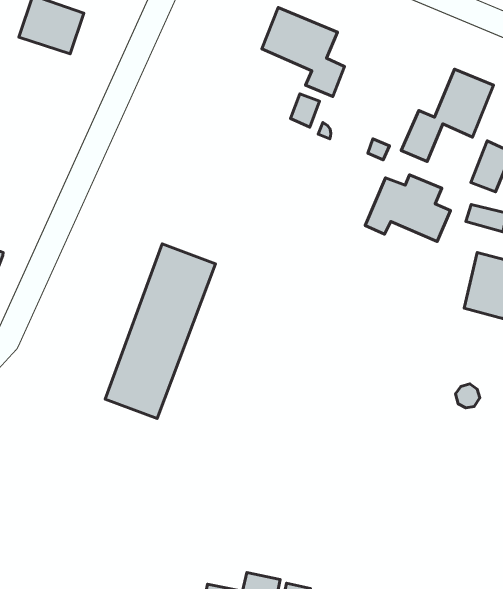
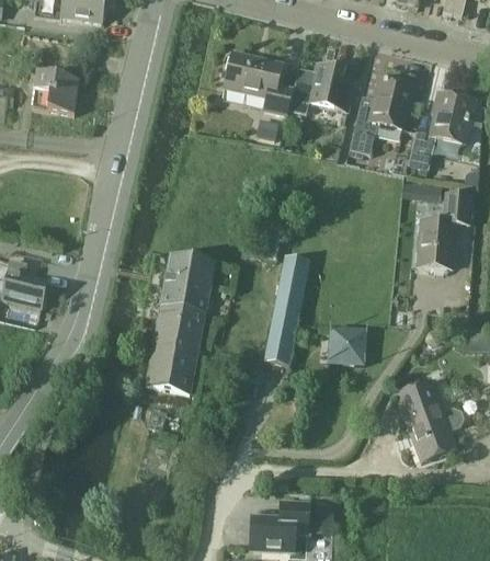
building: [365,175,451,241] -> [288,61,354,112]
building: none -> [266,256,309,363]
building: none -> [328,324,367,365]
building: none -> [400,380,464,462]

